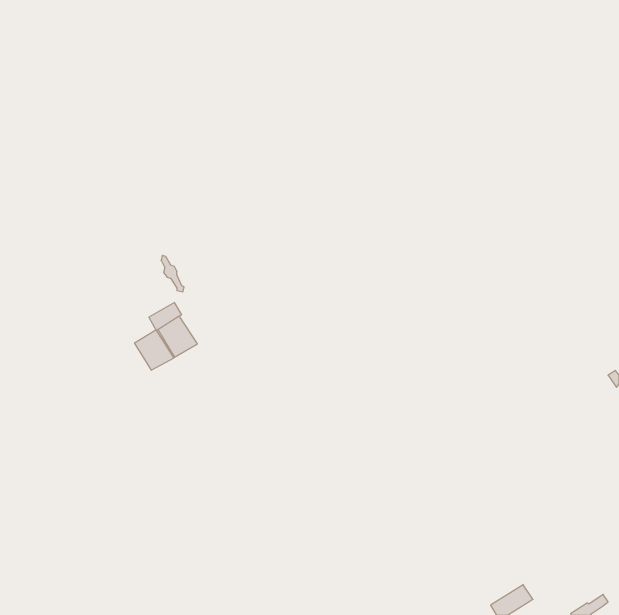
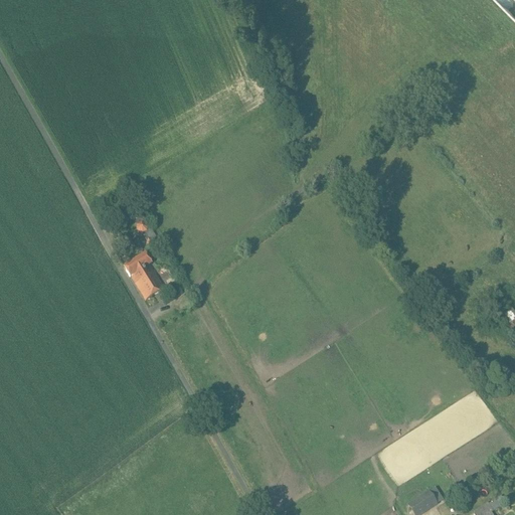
building: [135,330,174,370] -> none

